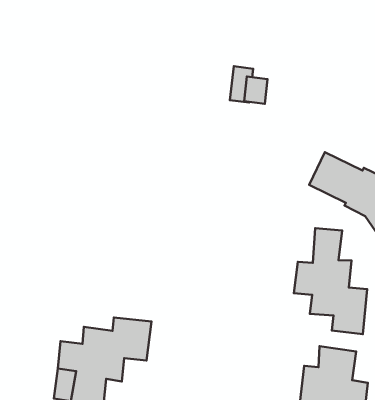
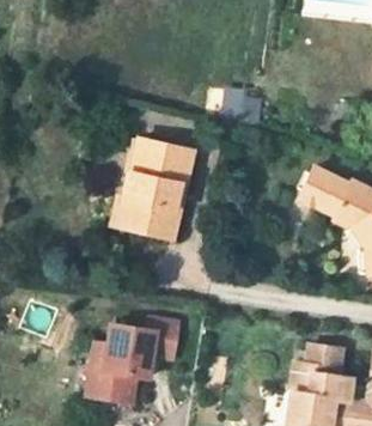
building: none -> [111,139,196,239]
building: [294,228,367,334] -> none

